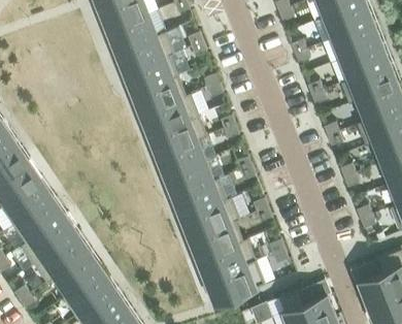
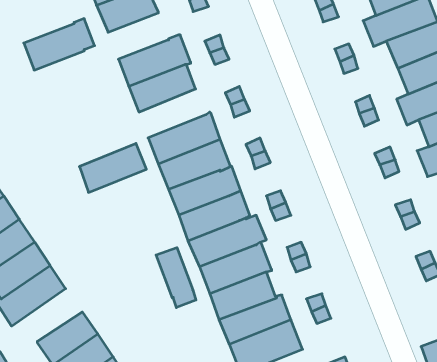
building: [109,9,166,51] -> [24,19,95,70]
building: [134,74,188,114] -> [79,143,146,192]
building: none -> [156,248,196,308]
building: [32,234,89,283] -> none

